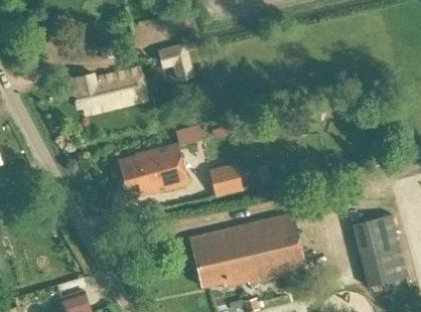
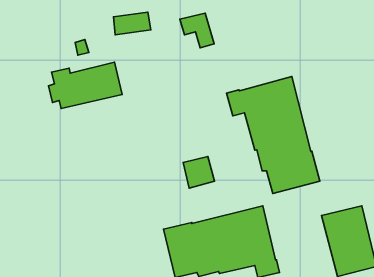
building: [157,45,192,81] -> [180,13,214,48]
building: none -> [227,77,320,193]
building: [119,123,207,198] -> none

